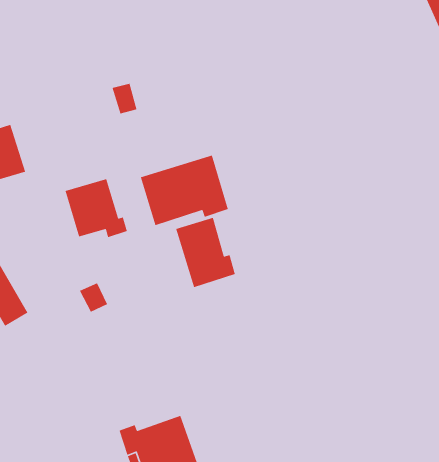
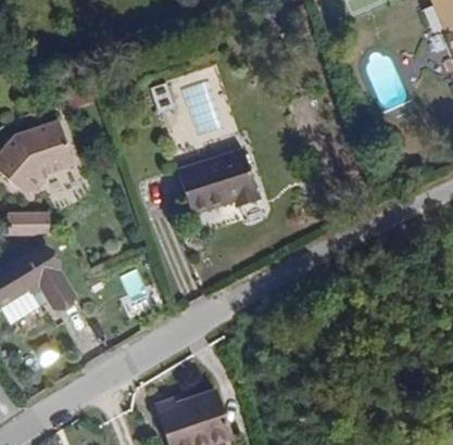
building: [64,178,128,238] -> none
building: [175,217,236,288] -> none

